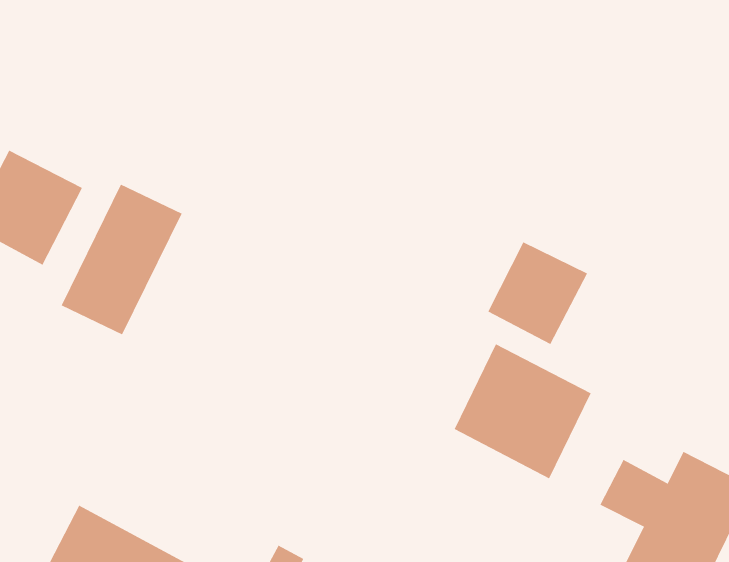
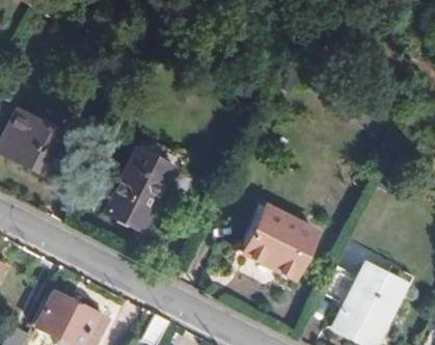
building: [61,184,182,335] -> [109,152,172,231]
building: [487,241,588,345] -> none

